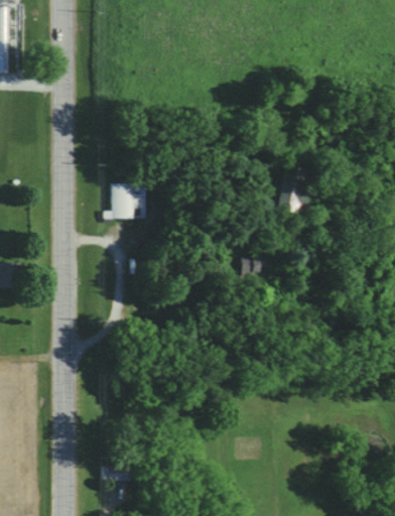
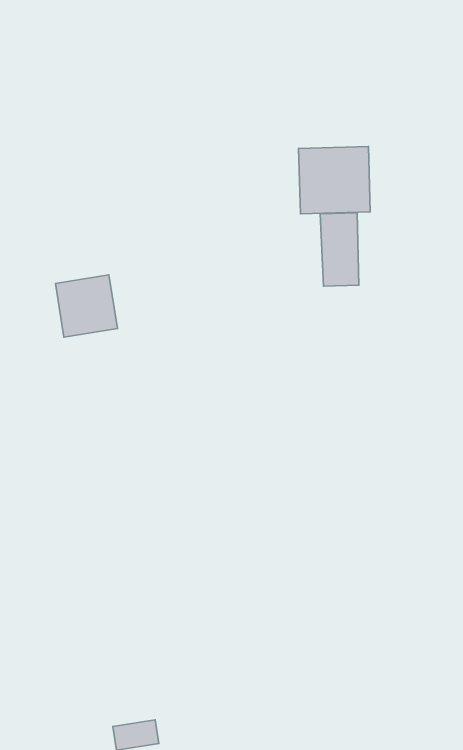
building: none -> [299,146,370,214]
building: [240,256,263,275] -> none

